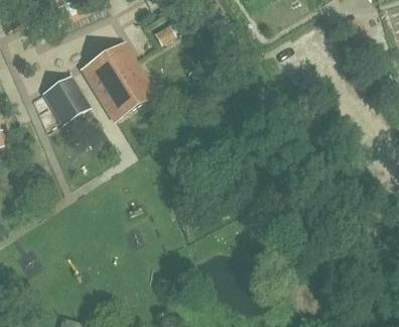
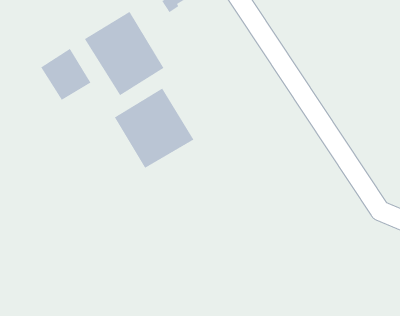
building: none -> [114,88,194,169]

